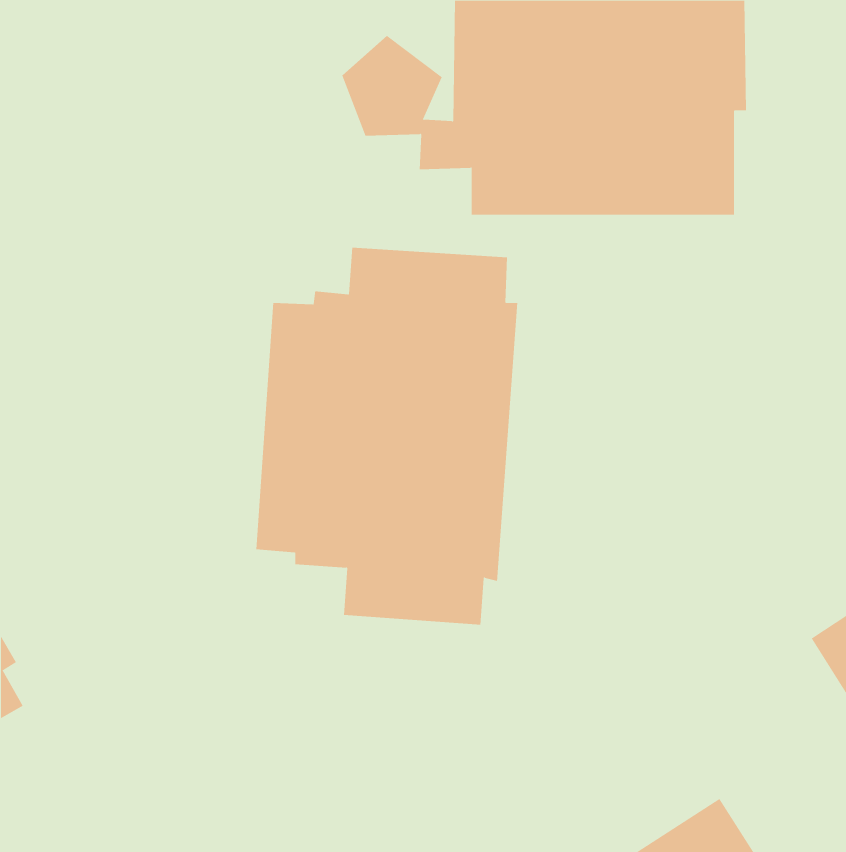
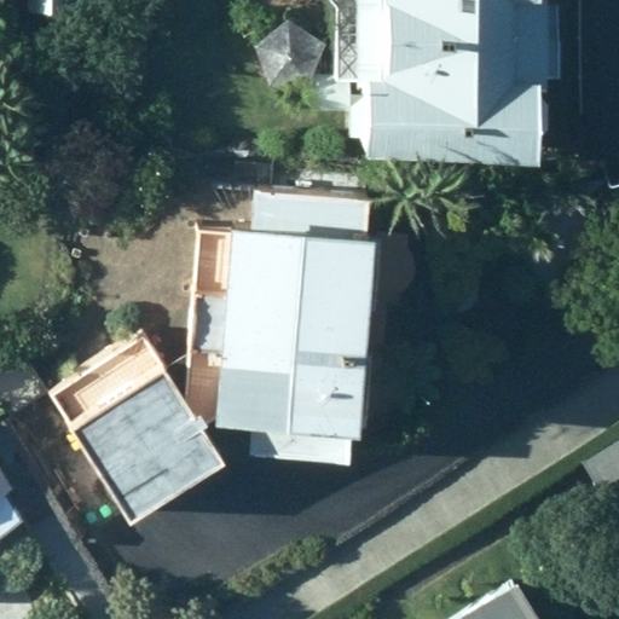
building: none -> [54,335,227,520]

